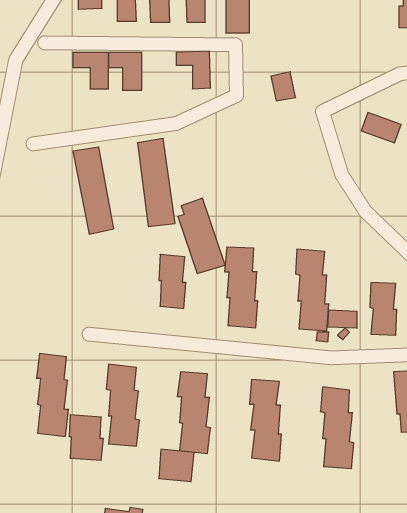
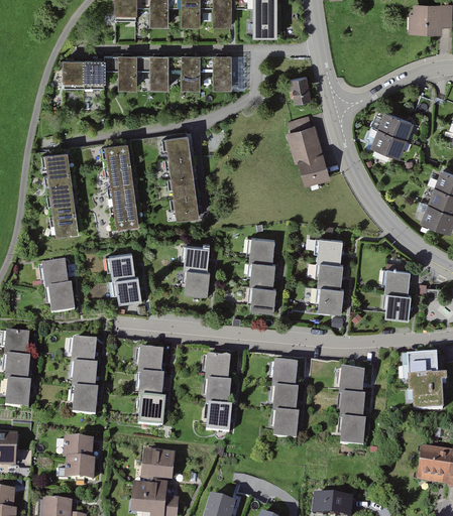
building: none -> [168,55,201,90]
building: none -> [64,60,104,84]
building: none -> [369,130,407,158]
building: none -> [45,153,82,234]
building: [178,198,225,274] -> [289,113,333,183]
building: none -> [108,251,142,304]
building: none -> [41,261,76,313]
building: [328,310,357,328] -> none
building: [69,415,103,460] -> [66,437,98,480]
building: [159,449,194,482] -> [143,449,177,480]

